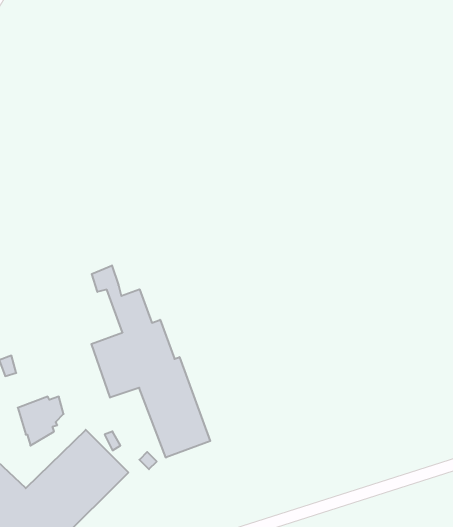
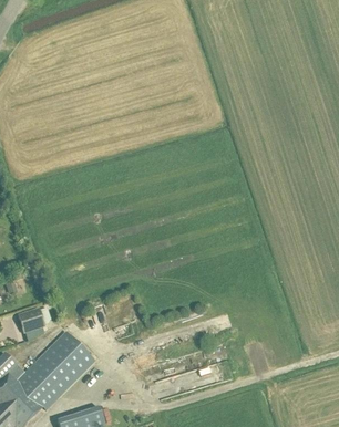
building: [91,265,210,458] -> none

